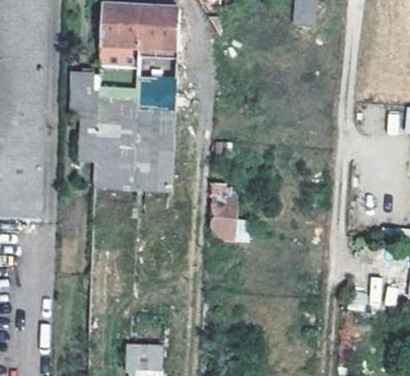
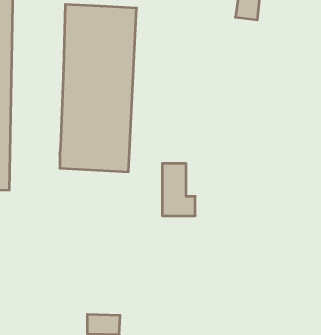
building: [73,71,101,162] -> none

